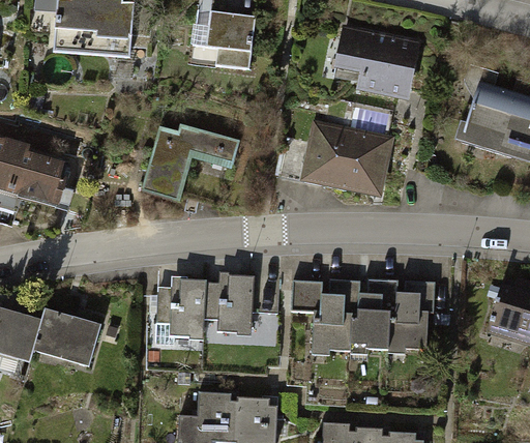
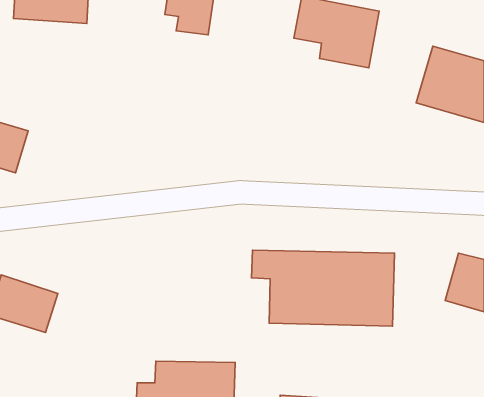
building: [141,119,240,200] -> none
building: [277,119,392,197] -> none
building: [157,275,254,342] -> none

